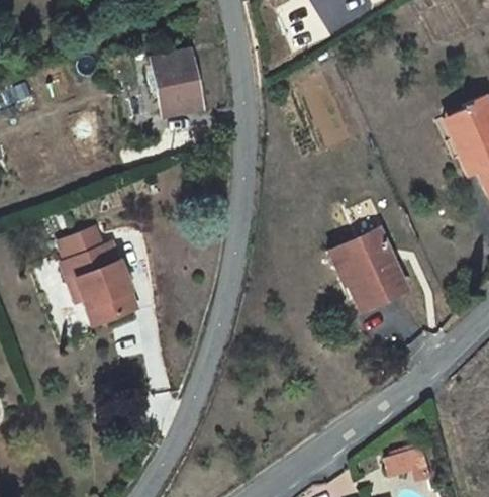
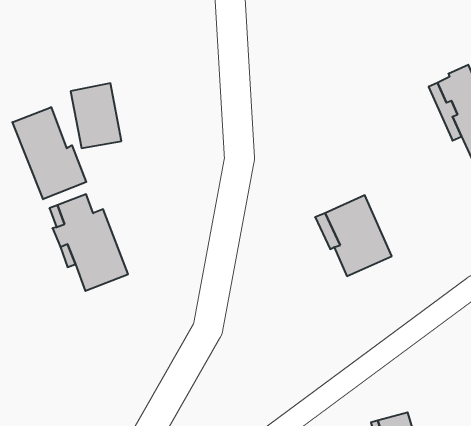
building: [151,49,202,115] -> [71,83,121,148]
building: none -> [12,107,86,199]

